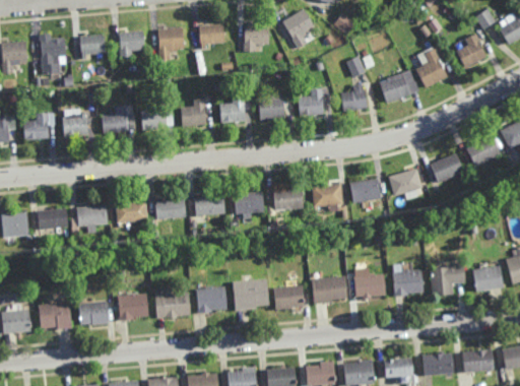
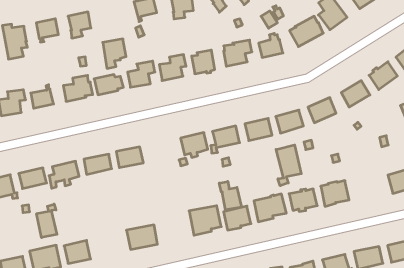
building: [158,27,184,60] -> [103,39,126,68]
building: [193,195,224,216] -> none
building: none -> [276,145,301,186]
building: none -> [219,181,241,210]
building: none -> [37,204,57,238]
building: [430,262,465,297] -> none
building: [196,286,228,313] -> none
building: [118,293,149,321] -> none

